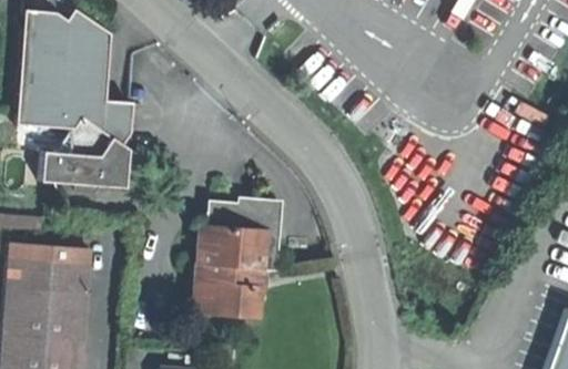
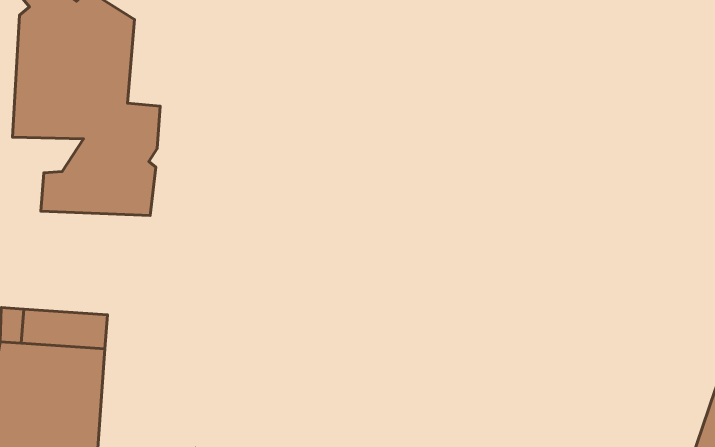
building: [194,196,278,314] -> none

